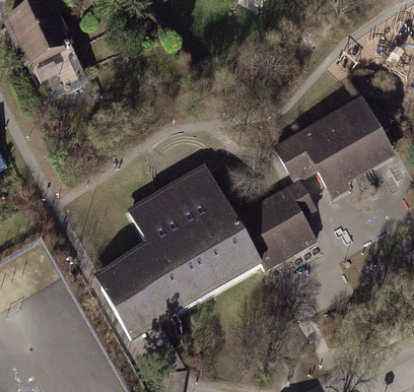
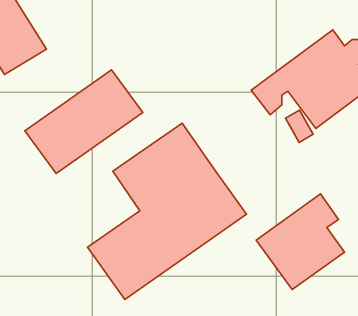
building: none -> [25,70,143,173]
building: [233,182,316,269] -> [256,194,345,289]

